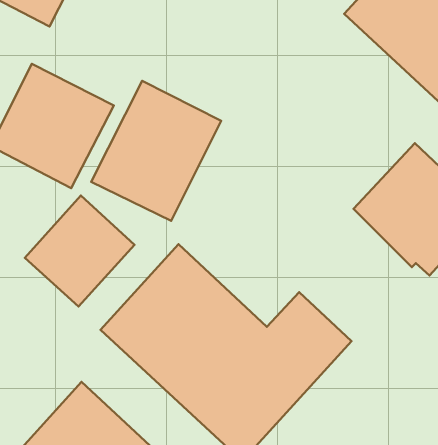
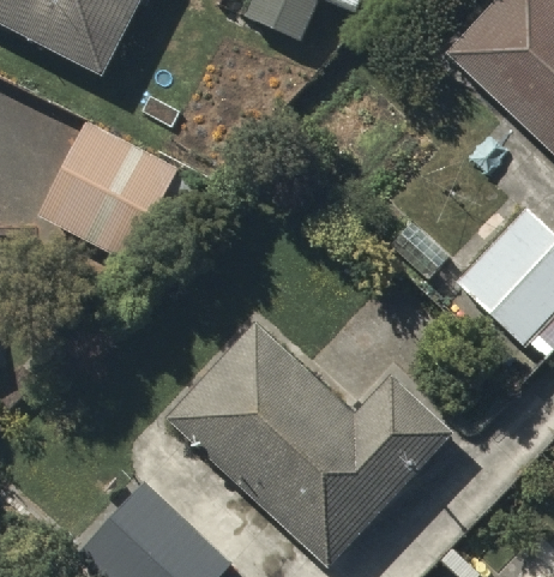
building: [91,81,221,221] -> none
building: [25,196,135,306] -> none

